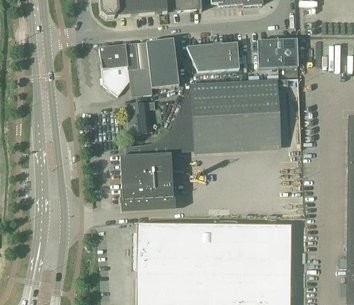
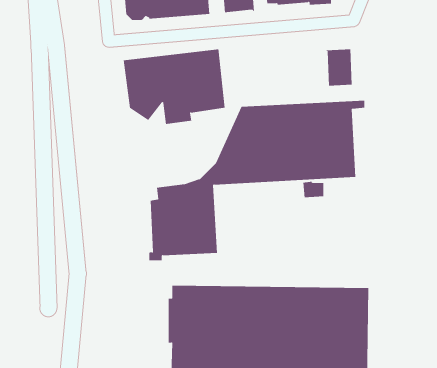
building: [277,39,298,67] -> none
building: [187,42,240,72] -> none
building: [128,102,148,135] -> none

